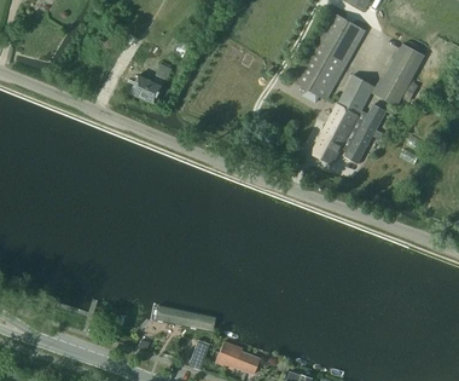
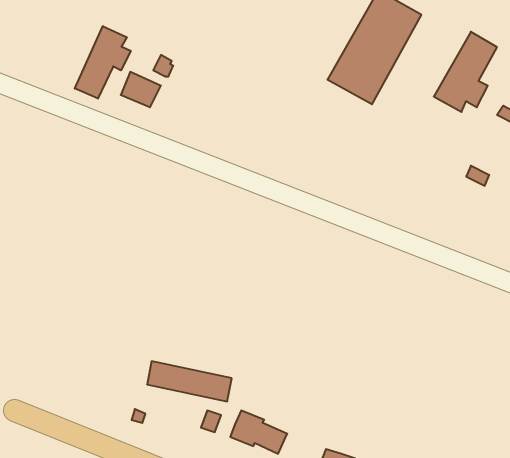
building: none -> [75,26,131,99]
building: [312,75,374,163] -> none
building: [345,105,394,163] -> none

